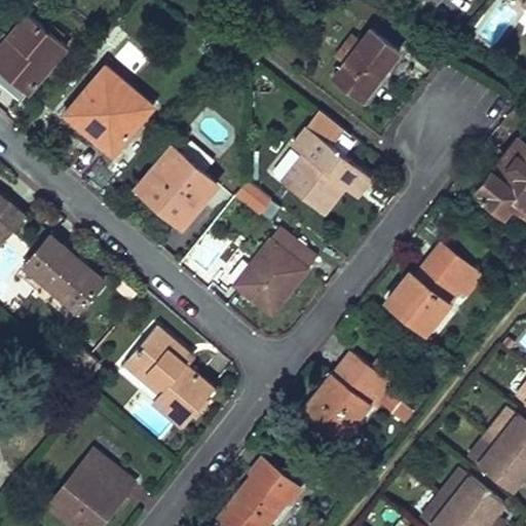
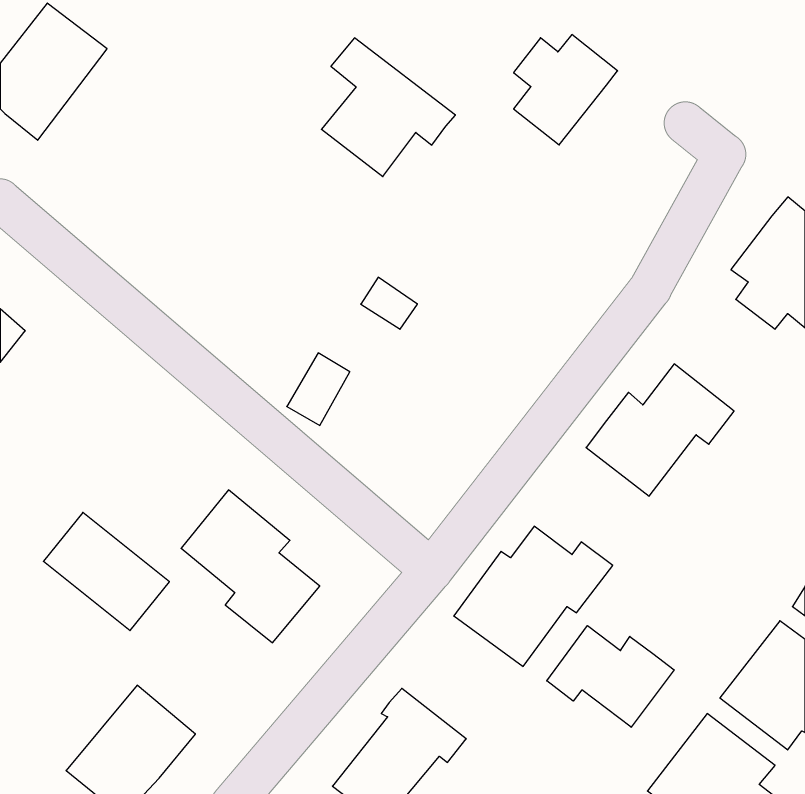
building: [68,66,156,157] -> none
building: [286,125,373,216] -> [321,38,455,177]
building: [140,146,222,227] -> none
building: [245,225,318,311] -> none
building: [14,241,97,318] -> [43,512,169,631]
building: none -> [547,626,674,727]

